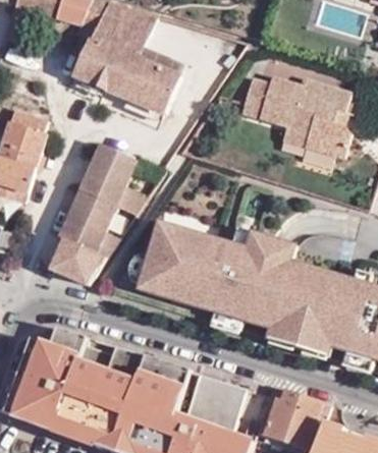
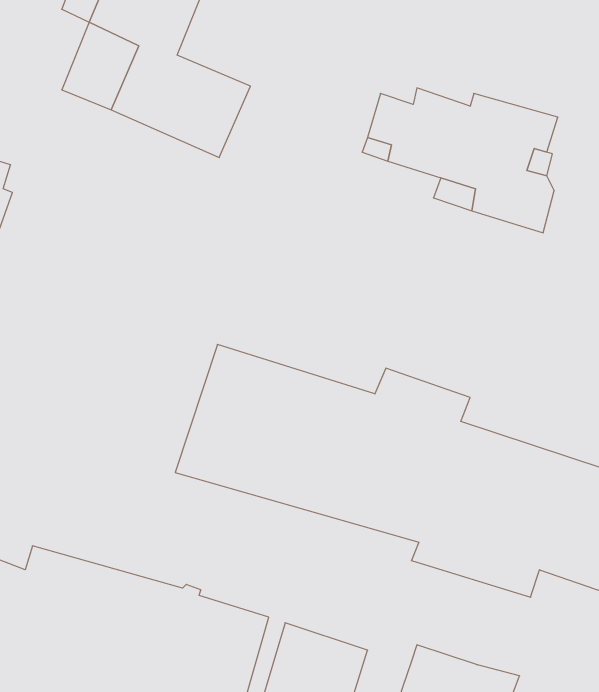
building: [50,145,146,285] -> none

